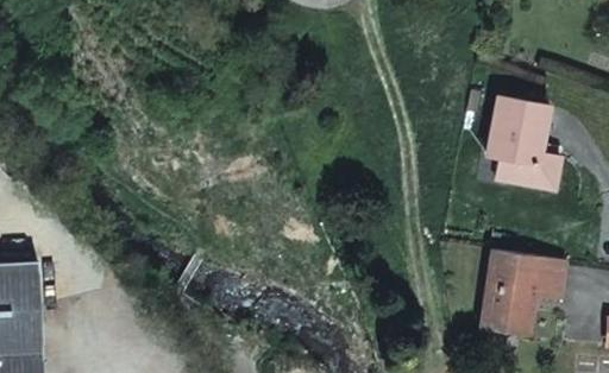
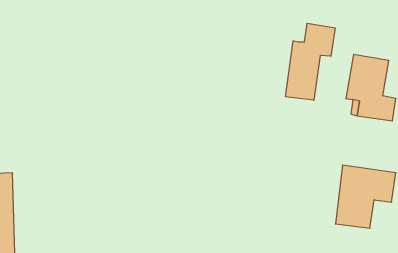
building: none -> [286,23,335,100]

